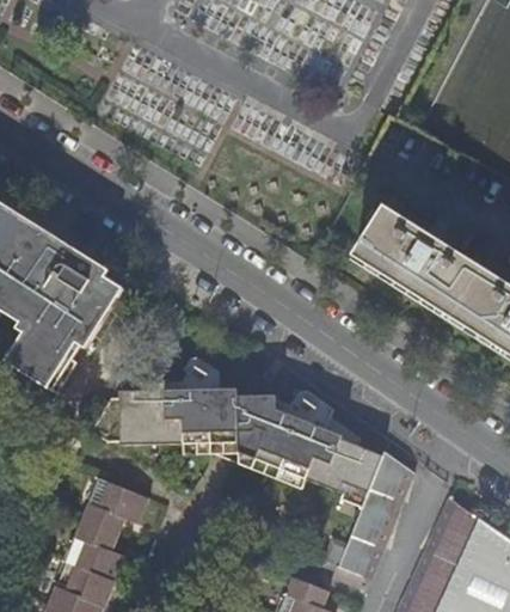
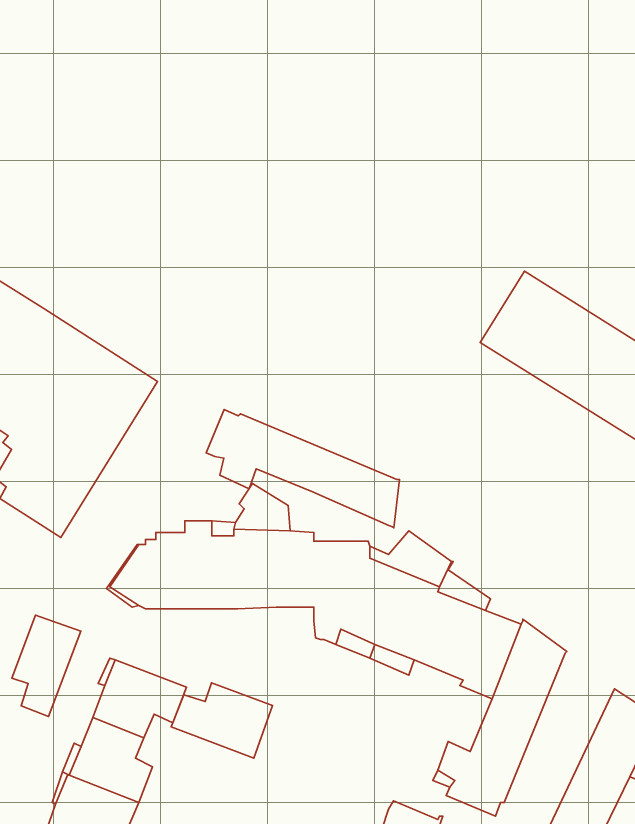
building: none -> [206,410,399,528]
building: none -> [12,615,81,717]
building: none -> [171,683,272,758]

